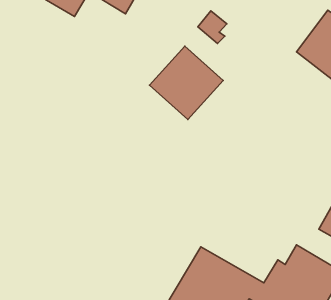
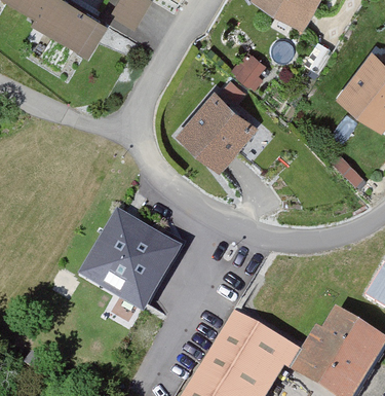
building: none -> [80,211,184,314]

